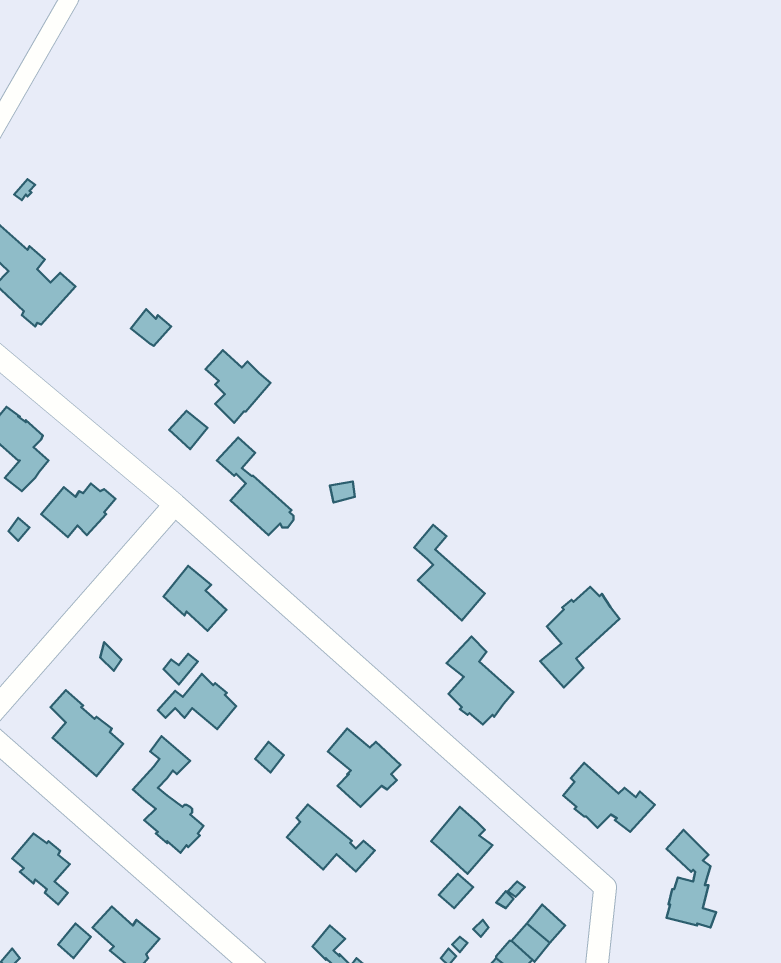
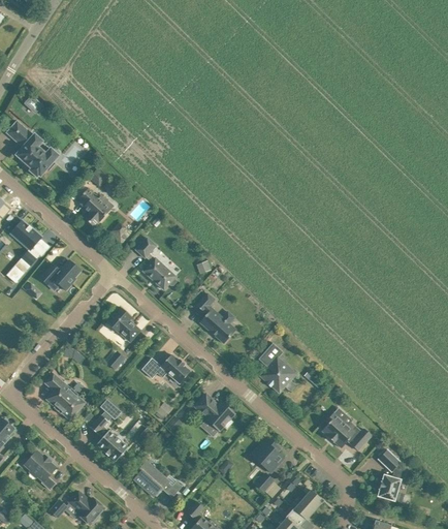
building: [206,350,271,423] -> [77,188,113,227]
building: [414,525,485,620] -> [196,291,234,343]
building: [540,587,620,687] -> none
building: [158,674,236,729] -> [147,353,189,383]
building: [287,805,375,872] -> [133,461,181,497]

